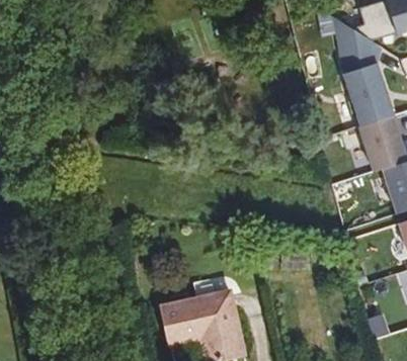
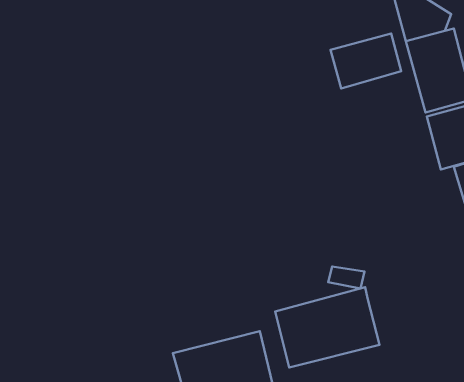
building: none -> [331,34,401,88]
building: none -> [275,287,380,367]

